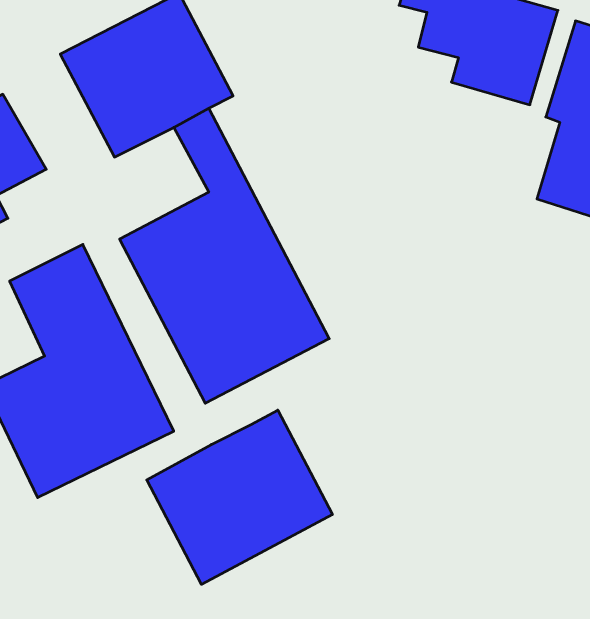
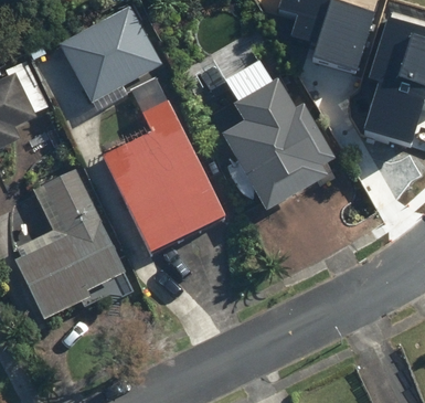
building: none -> [227,78,339,208]
building: [147,410,332,584] -> none

